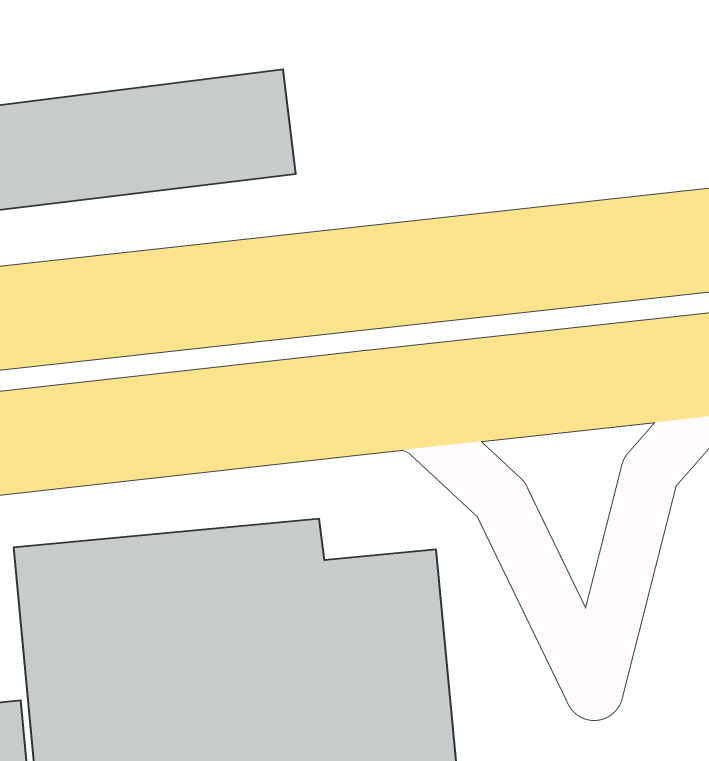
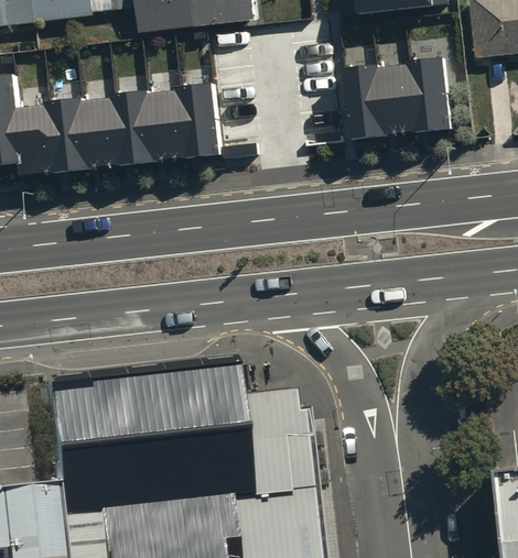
building: none -> [346,58,455,140]

